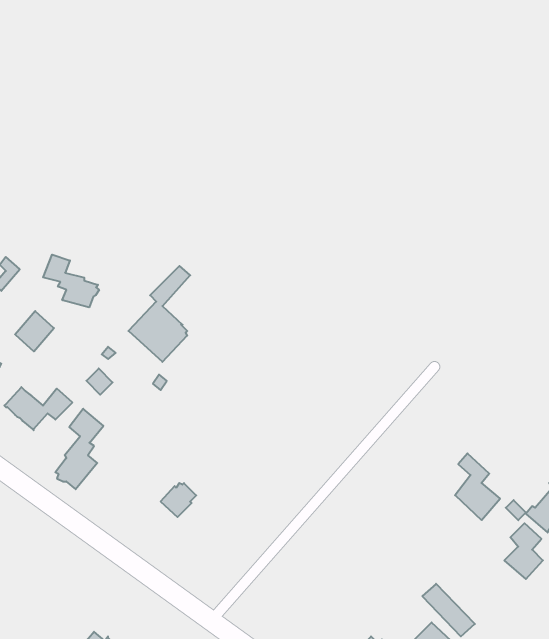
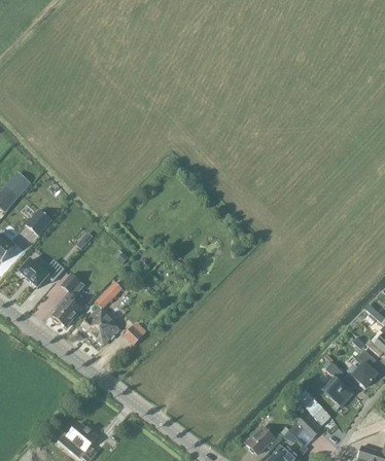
building: [43,255,99,307] -> none
building: [128,266,190,362] -> [80,282,121,346]
building: [455,453,500,520] -> [323,363,353,407]

